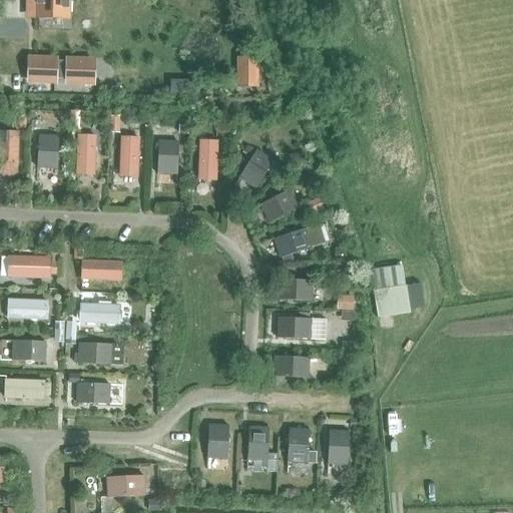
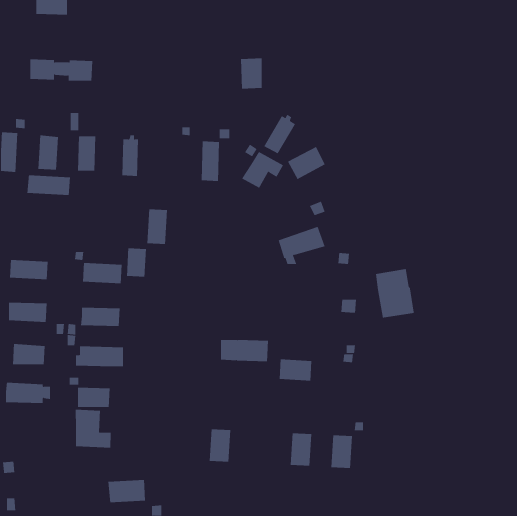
building: none -> [264,114,296,154]
building: [158,139,179,174] -> [147,209,168,244]
building: none -> [27,174,70,196]
building: [261,188,299,221] -> [287,146,326,180]
building: none -> [126,247,146,278]
building: [280,279,313,300] -> none
building: [279,317,327,339] -> [220,340,269,362]
building: none -> [75,409,111,448]
building: [247,426,270,459] -> none

